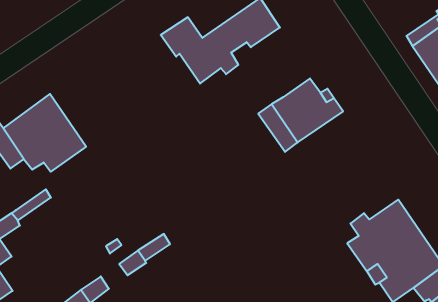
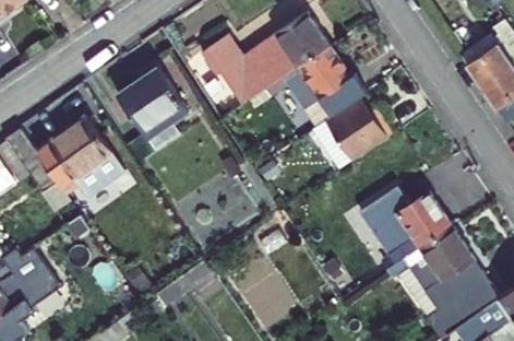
building: none -> [276,45,367,118]
building: none -> [118,60,193,152]
building: none -> [361,186,452,274]

